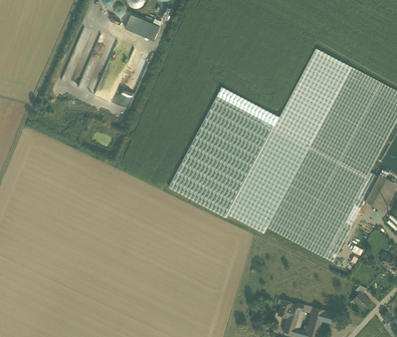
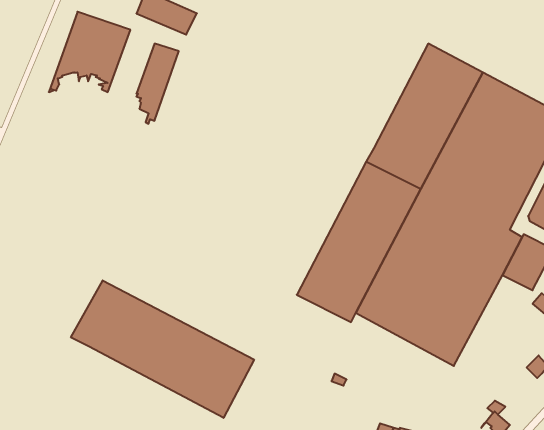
building: [169,86,279,218] -> none
building: none -> [71,280,254,418]

